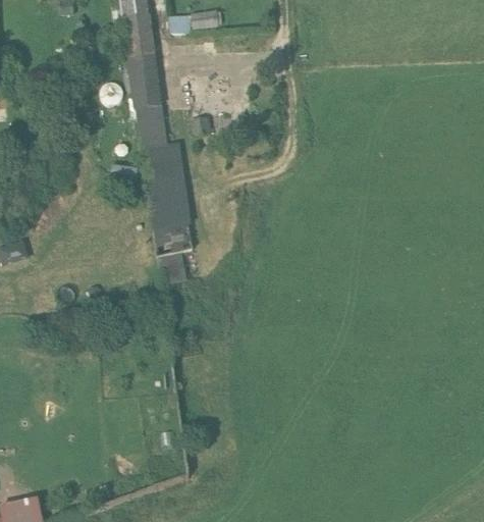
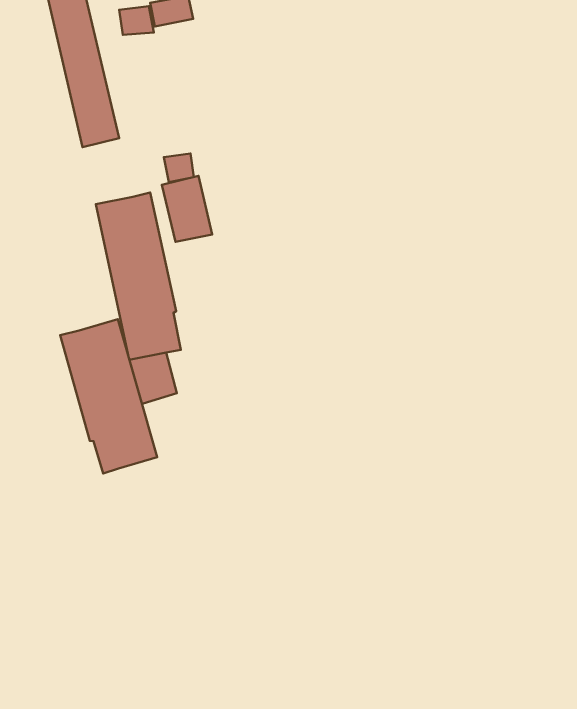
building: [135,101,166,145] -> [162,176,212,242]
building: none -> [60,319,157,473]

